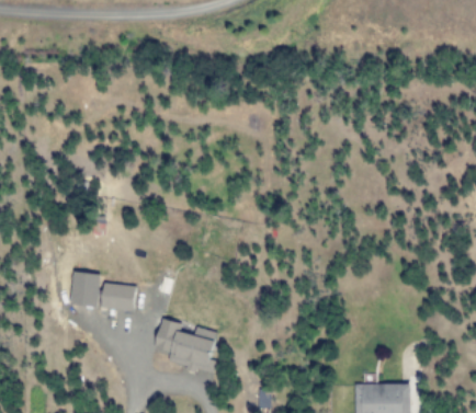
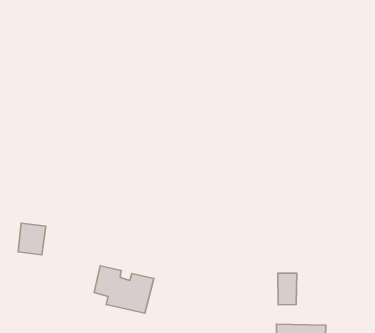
building: [99,282,135,310] -> none
building: none -> [278,273,297,305]

